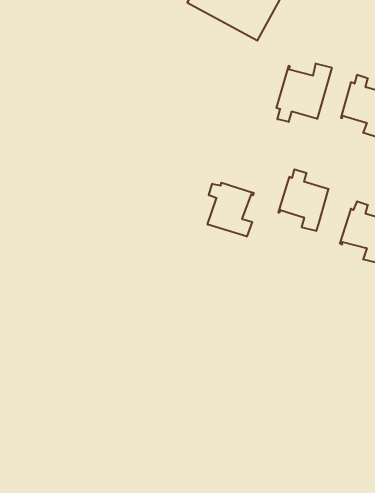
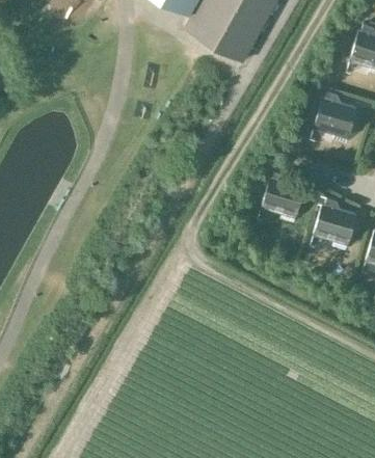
building: [277,63,332,122] -> none
building: [208,183,254,237] -> none

